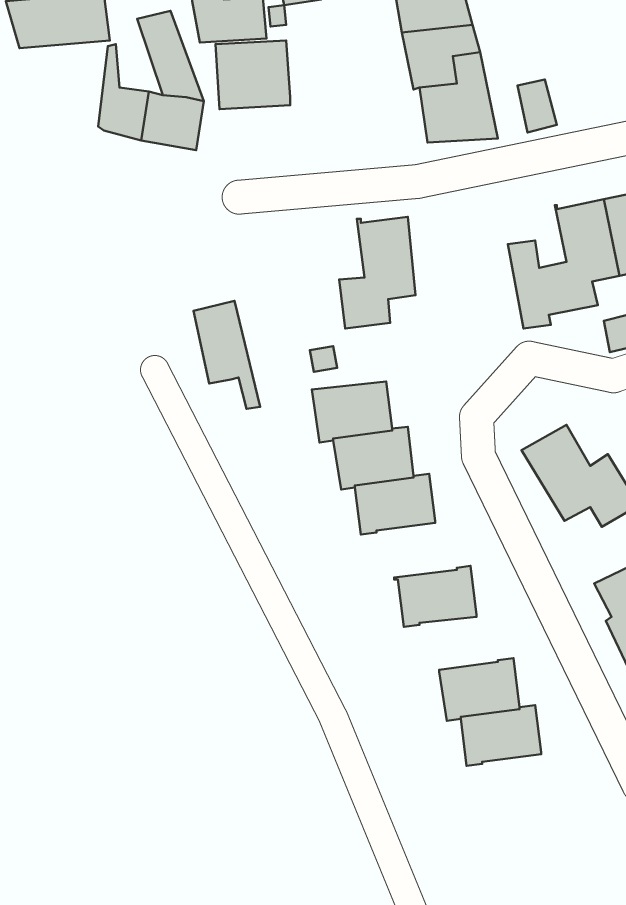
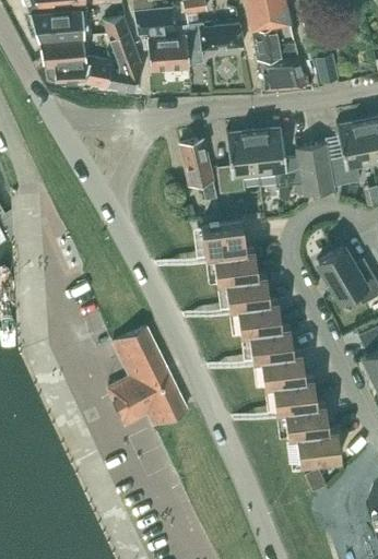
building: none -> [187,23,244,64]
building: none -> [39,36,87,83]
building: none -> [255,126,319,195]
building: [193,301,260,409] -> [180,139,217,199]
building: none -> [237,299,282,334]
building: none -> [108,326,187,426]
building: none -> [261,352,305,385]
building: none -> [296,428,341,463]

